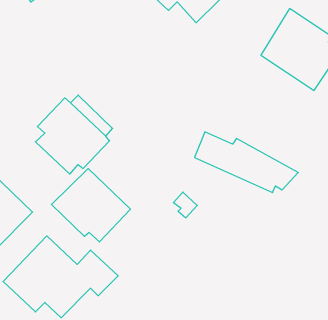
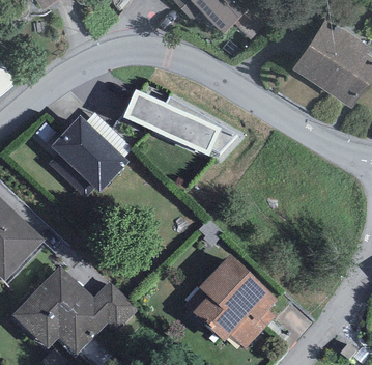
building: [195,132,298,193] -> [123,90,236,157]
building: [51,169,130,242] -> none
building: none -> [191,255,279,349]

